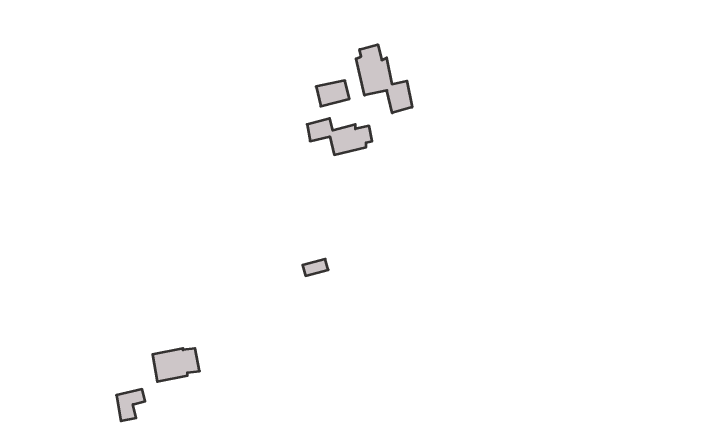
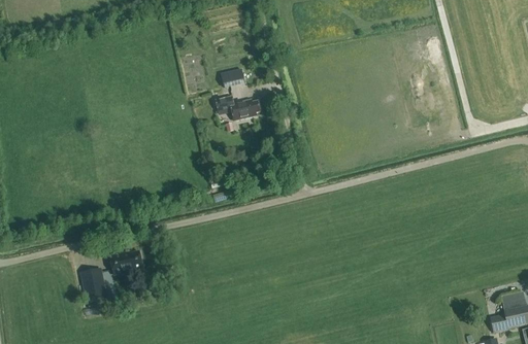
building: [356,45,412,113] -> none

